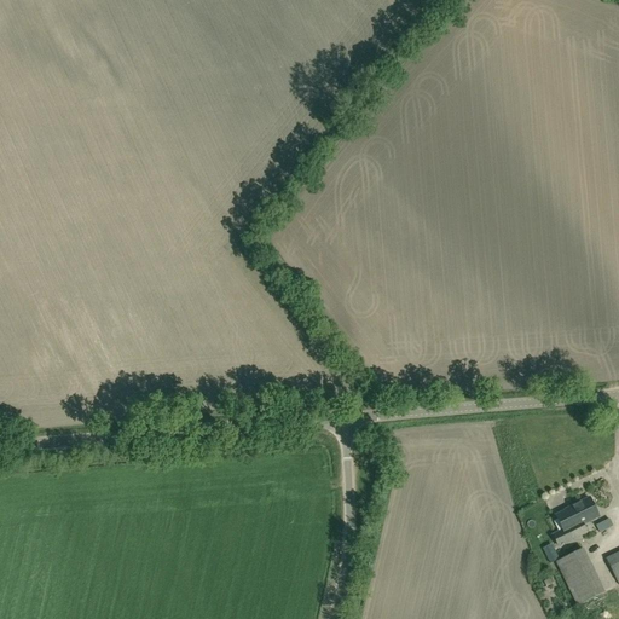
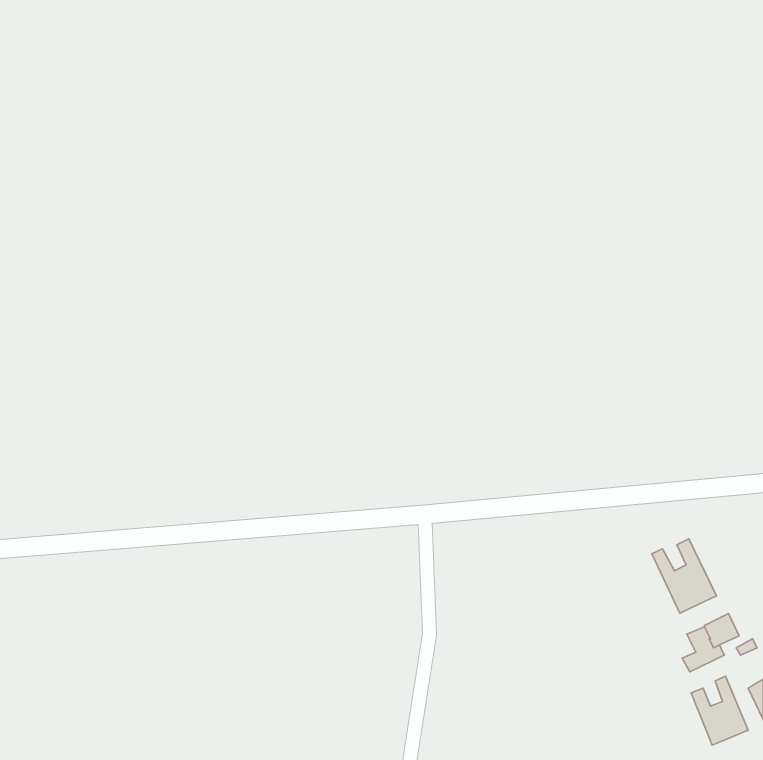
building: none -> [652,539,717,613]

